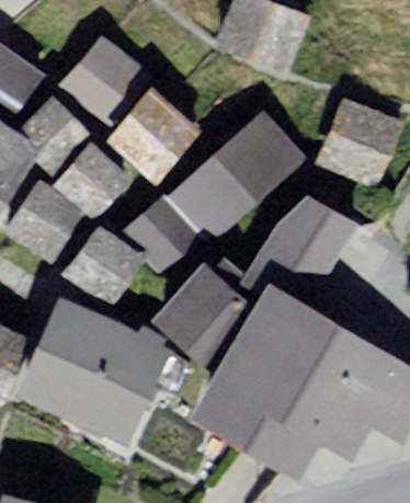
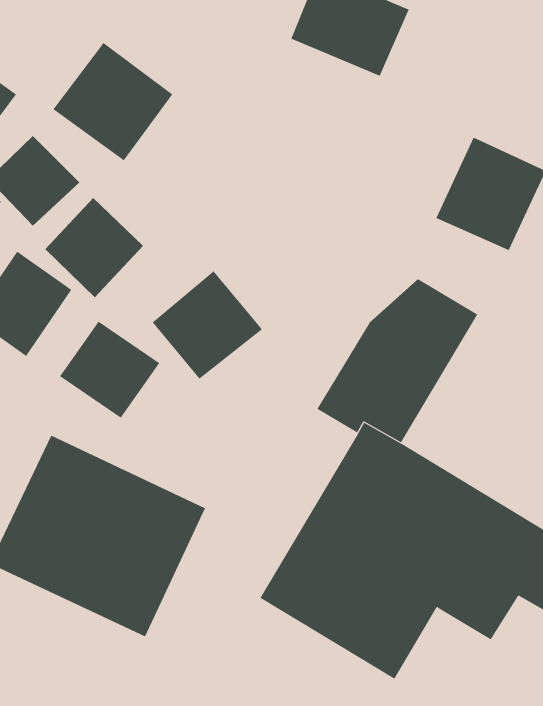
building: [107,90,194,176] -> none
building: [171,114,296,231] -> none
building: [157,263,248,355] -> none

